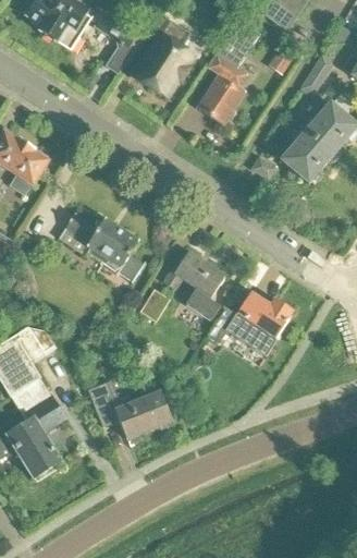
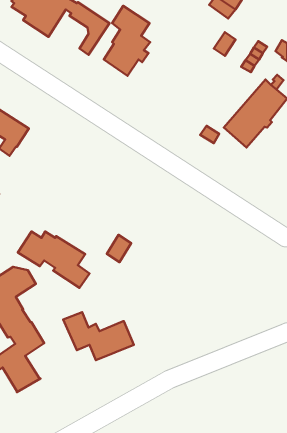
building: [198,19,259,123] -> none
building: [58,213,144,280] -> [18,232,90,288]
building: [163,252,224,319] -> none
building: [207,292,292,354] -> none

